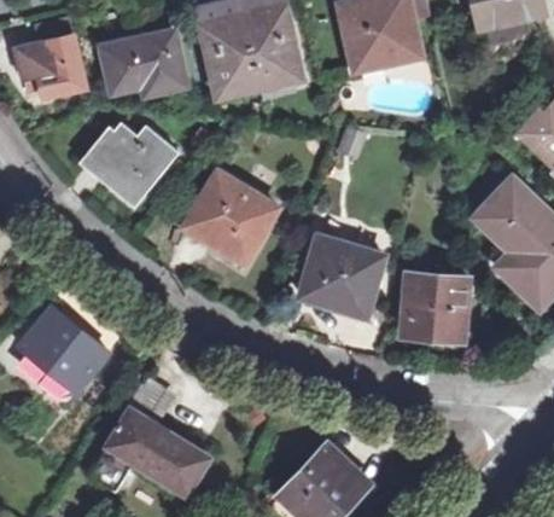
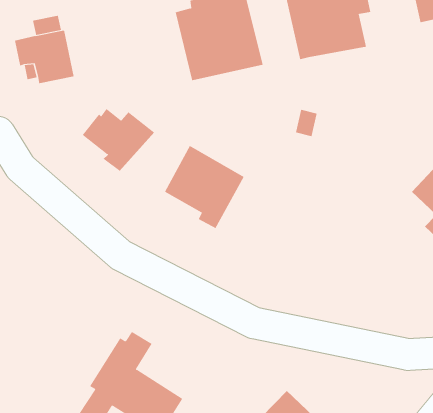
building: [105,40,187,98] -> none
building: [303,237,385,310] -> none
building: [406,274,467,337] -> none
building: [23,309,110,393] -> none

